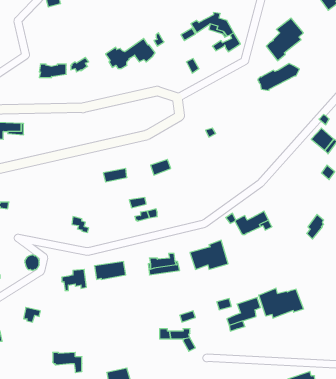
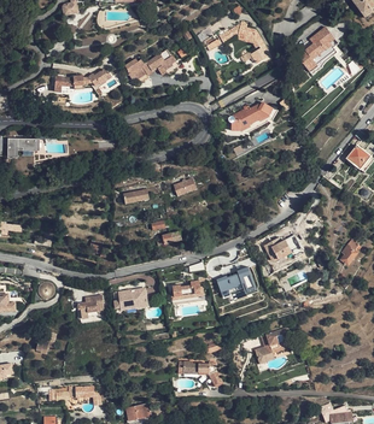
building: [258,64,299,90] -> [228,102,273,131]
building: [259,288,304,318] -> none

